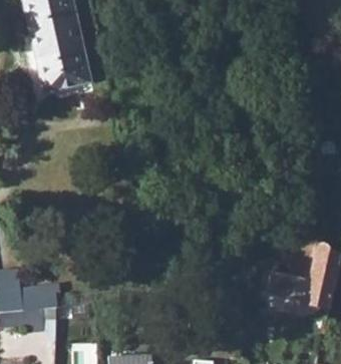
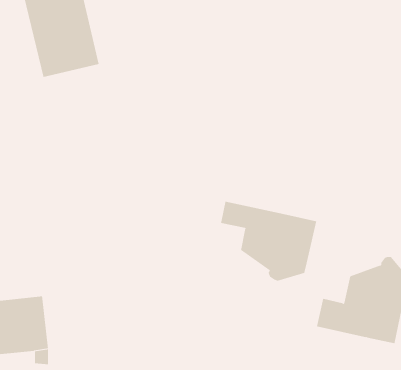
building: none -> [220,201,317,281]

